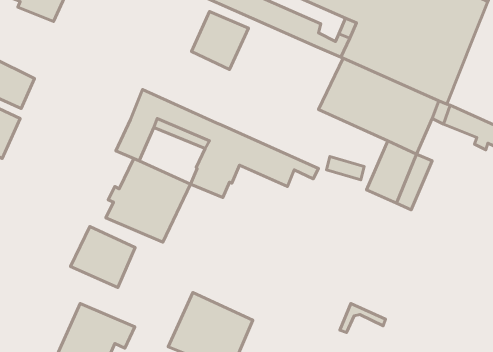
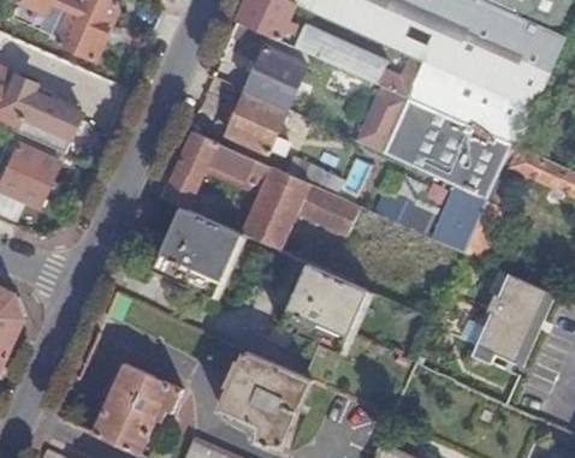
building: none -> [355,85,408,153]
building: none -> [225,90,285,153]
building: none -> [279,261,369,353]
building: none -> [474,274,550,363]
building: [71,226,135,287] -> none

